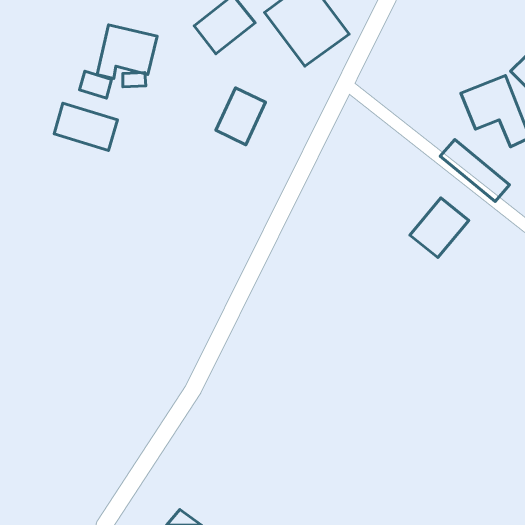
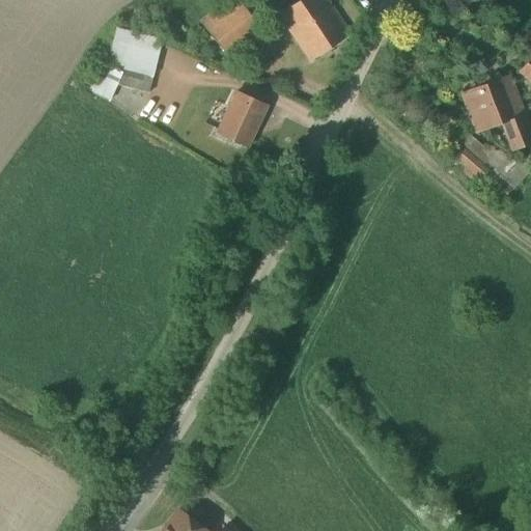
building: [54,103,117,150] -> none
building: [410,198,469,258] -> none

